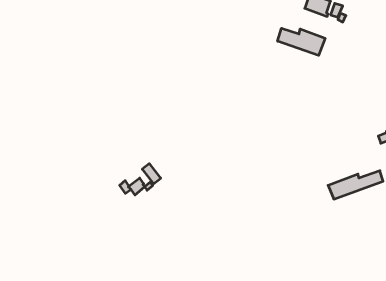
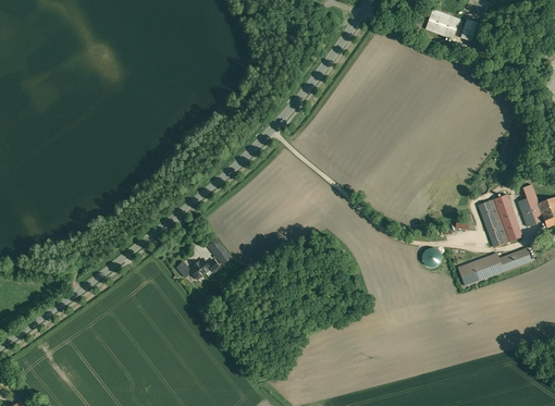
building: [278,28,325,55] -> none
building: none -> [478,194,522,247]

